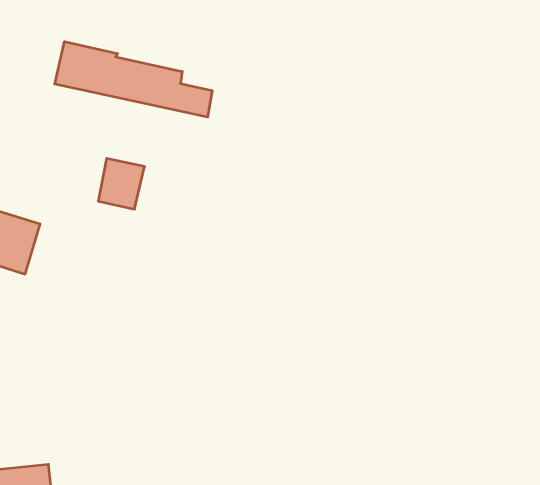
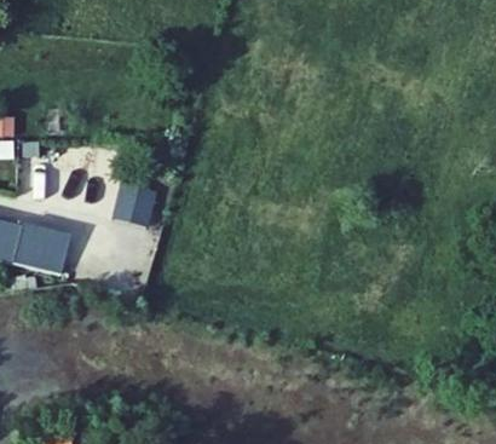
building: [55,42,212,117] -> none

